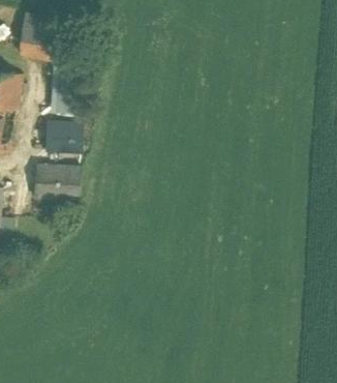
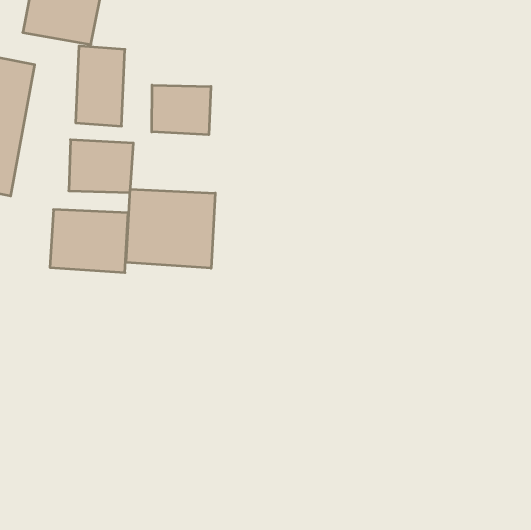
building: none -> [152,85,211,135]
building: none -> [126,189,215,268]

